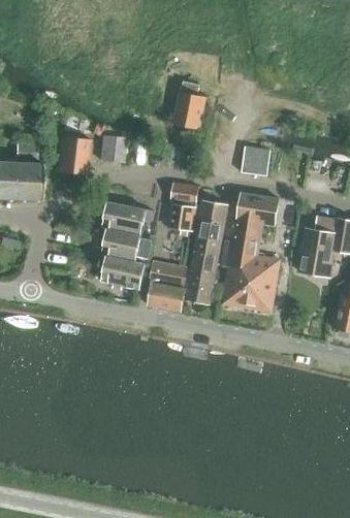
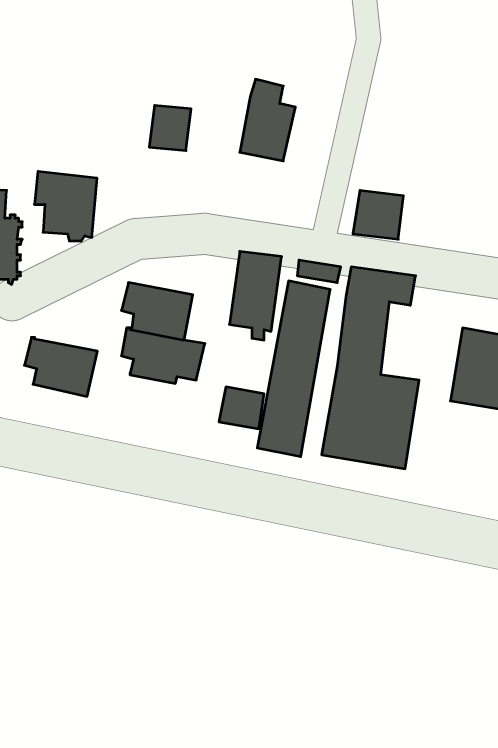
building: [100,135,125,162] -> [149,105,191,151]
building: [102,255,146,290] -> [24,337,97,396]
building: [148,283,186,311] -> none

